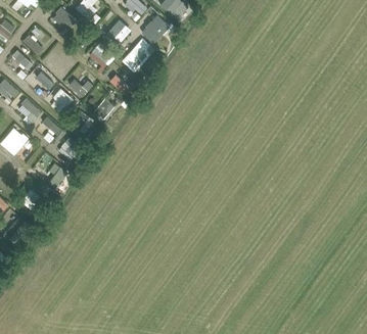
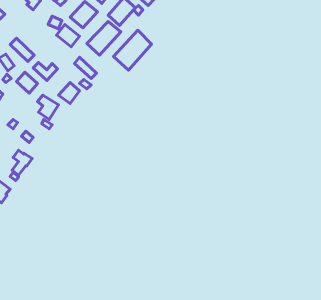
building: none -> [114,30,151,70]

